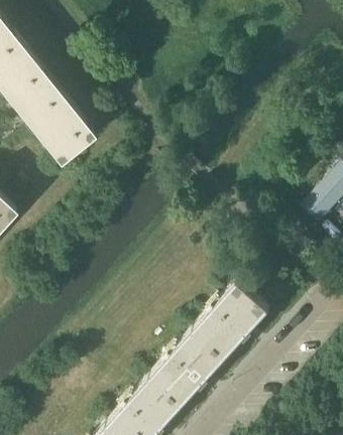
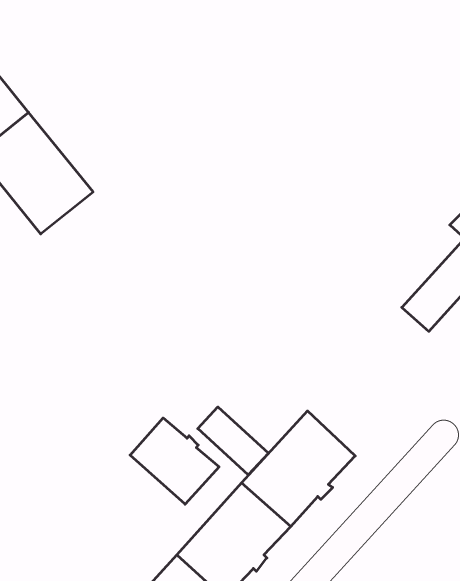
building: none -> [198,407,269,475]
building: none -> [130,418,219,504]

